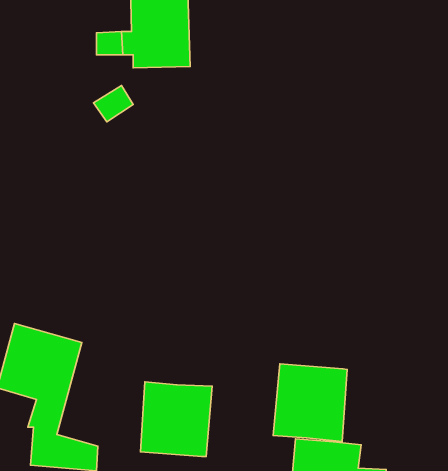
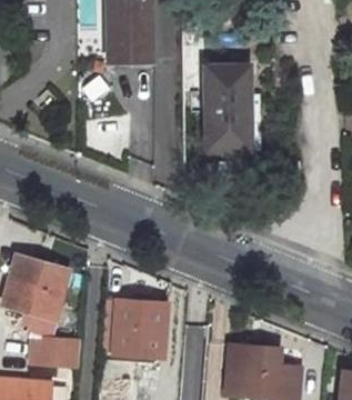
building: none -> [190,64,247,149]
building: [273,364,347,442] -> none

